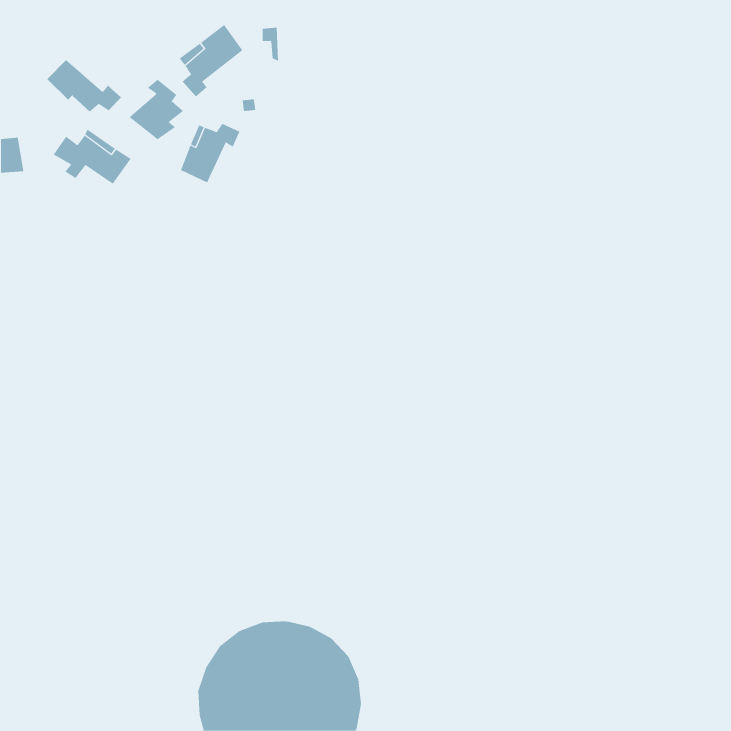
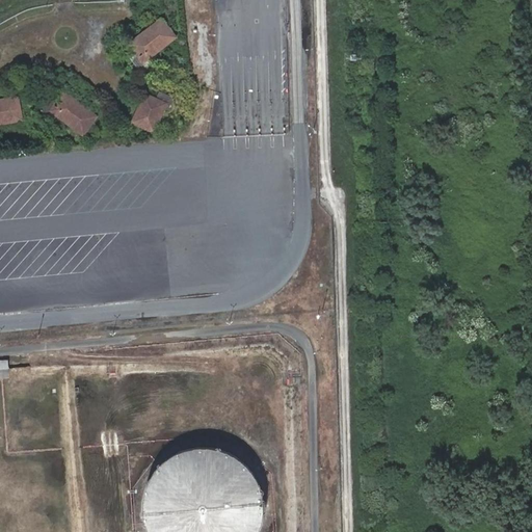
building: [46,59,122,112] -> none
building: [128,79,184,140] -> none

